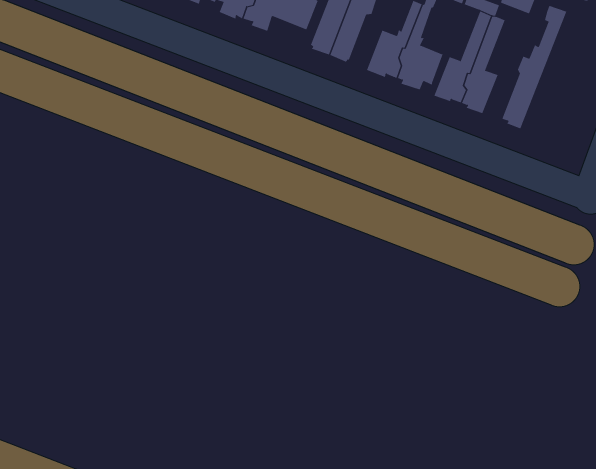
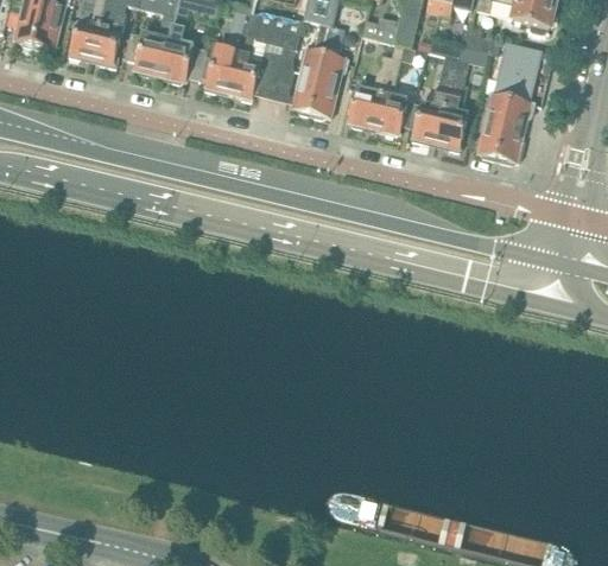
building: none -> [495,45,540,163]

